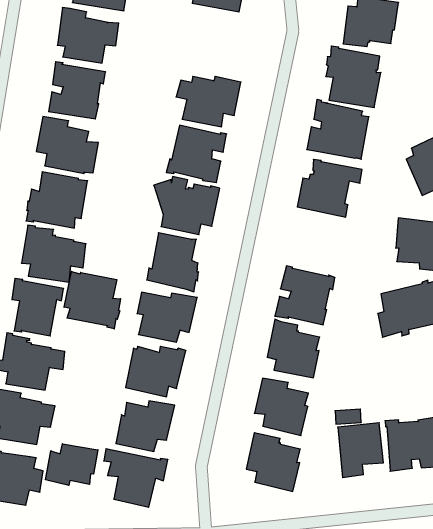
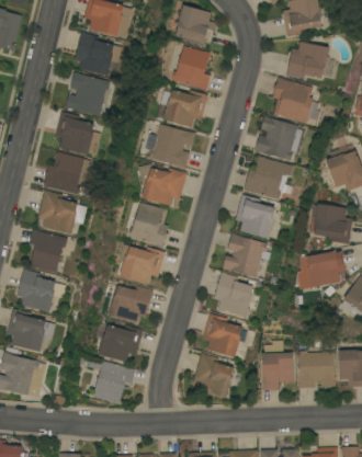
building: none -> [172,47,211,91]
building: none -> [236,195,275,239]
building: [64,271,121,329] -> none
building: [46,444,98,485] -> none

